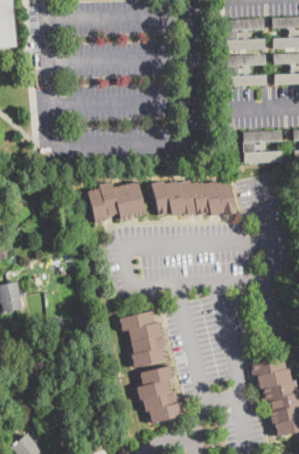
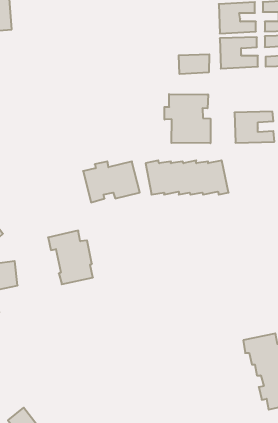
building: none -> [179,54,209,74]
building: none -> [164,94,210,143]
building: [121,311,167,366] -> [48,231,93,284]
building: [138,365,185,422] -> none

